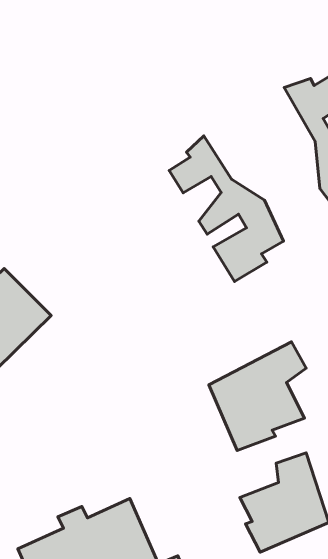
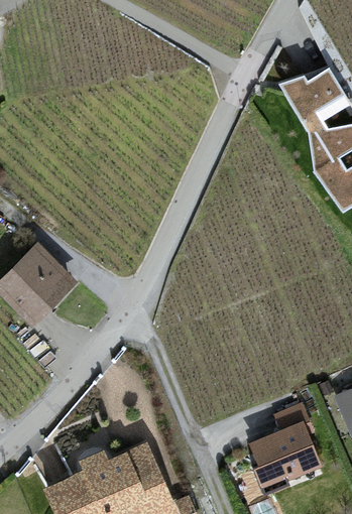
building: [169,136,284,282] -> none
building: [209,342,306,450] -> none

